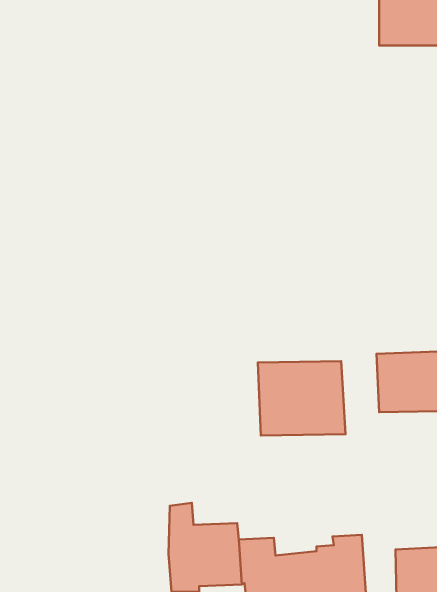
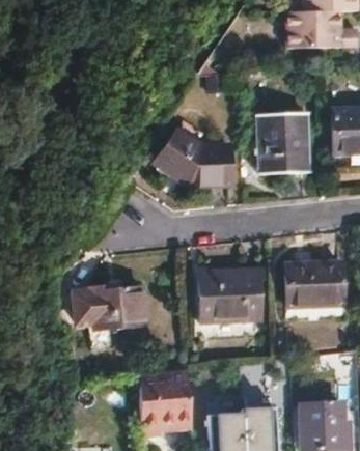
building: none -> [255,114,307,175]
building: none -> [150,136,229,190]
building: none -> [73,284,144,331]

